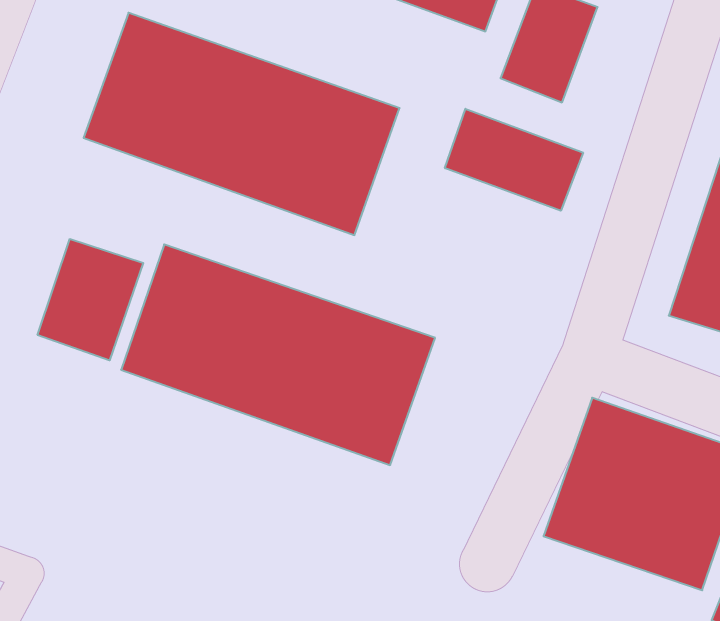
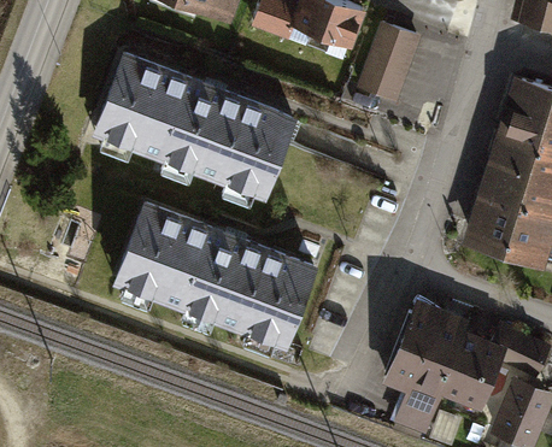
building: [445,109,583,211] -> none
building: [38,239,143,360] -> none

